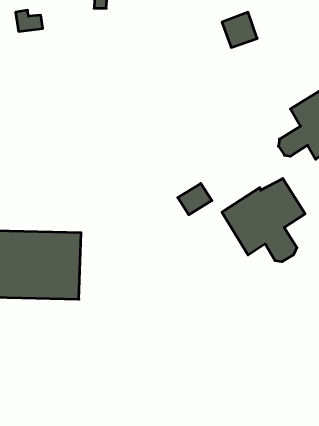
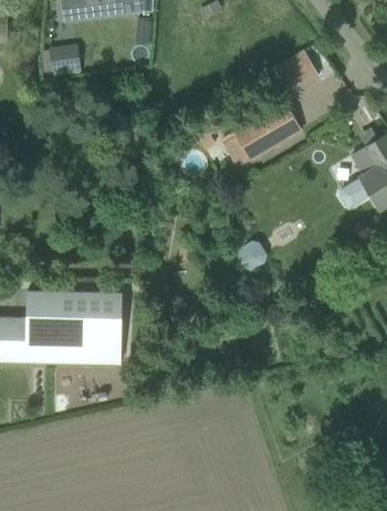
building: none -> [221,102,304,168]
building: [222,178,305,262] -> none

